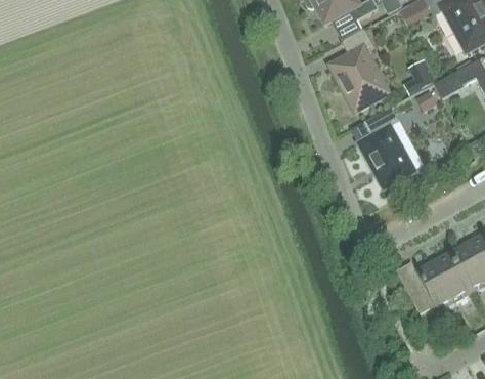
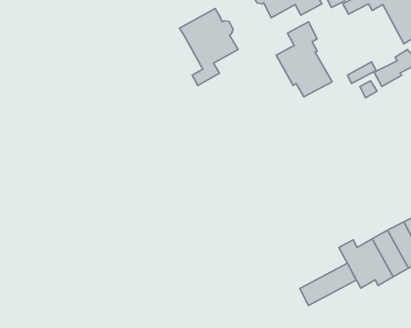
building: none -> [180,9,238,85]
building: [357,106,414,186] -> none
building: none -> [300,263,356,306]

